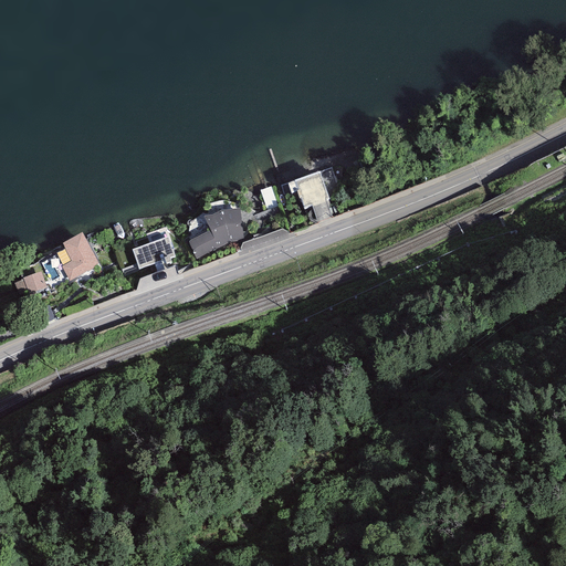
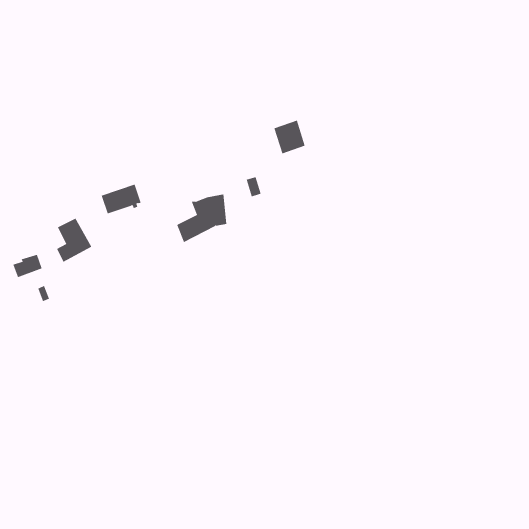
building: [293,170,327,207] -> [273,120,306,154]
building: [130,235,174,268] -> [101,184,141,214]

